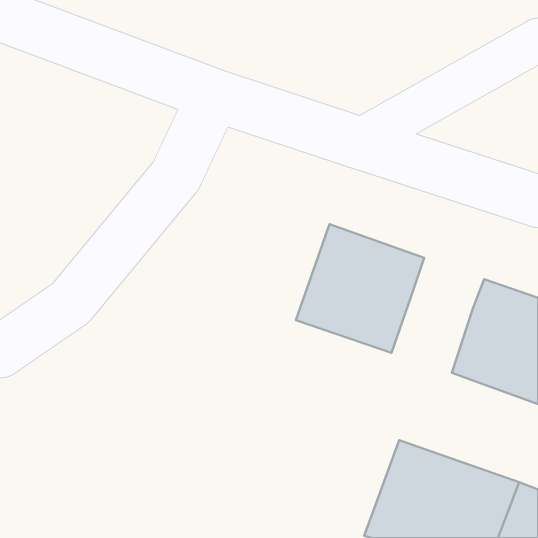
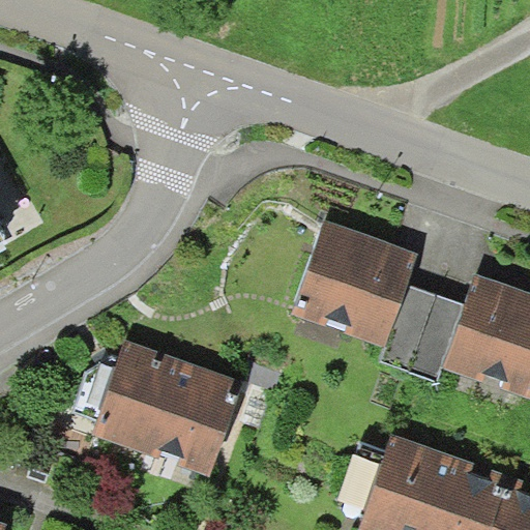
building: none -> [380,284,465,382]
building: none -> [92,340,244,474]

